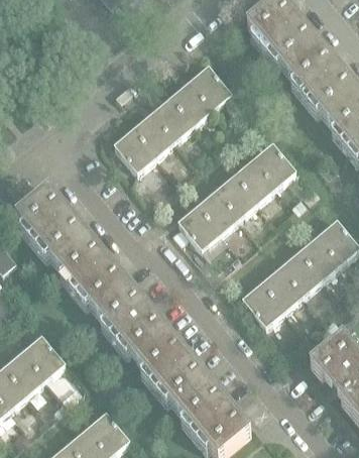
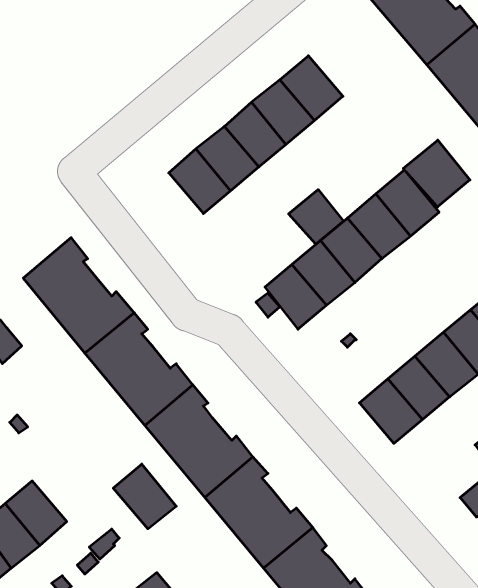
building: none -> [403,140,470,207]
building: none -> [289,190,344,244]
building: [24,334,67,377] -> [113,464,176,529]

